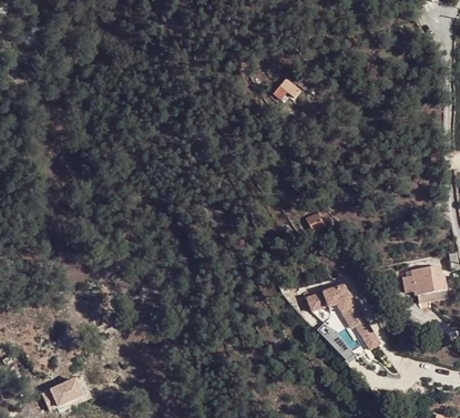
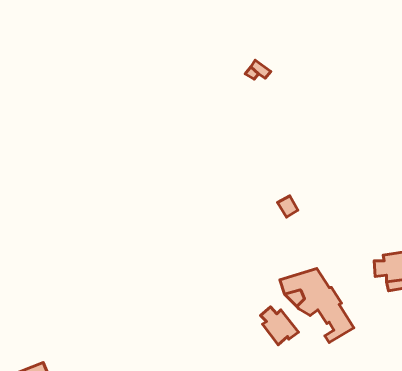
building: none -> [260,307,298,345]

